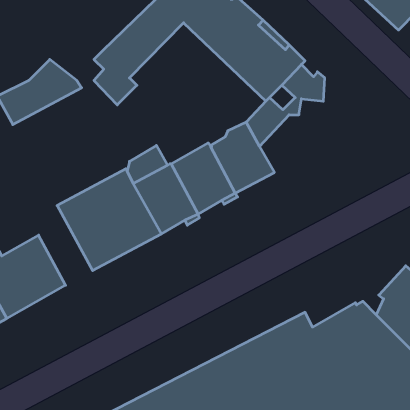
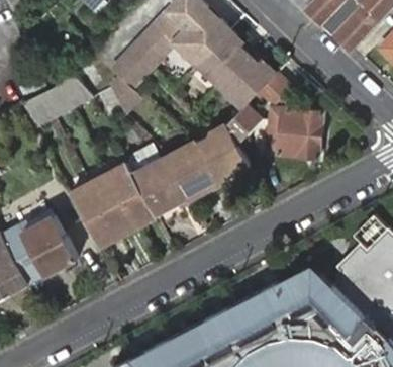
building: none -> [267,105,324,156]

